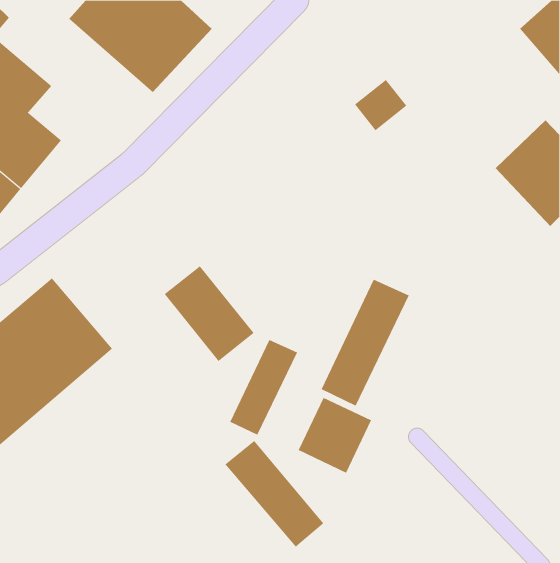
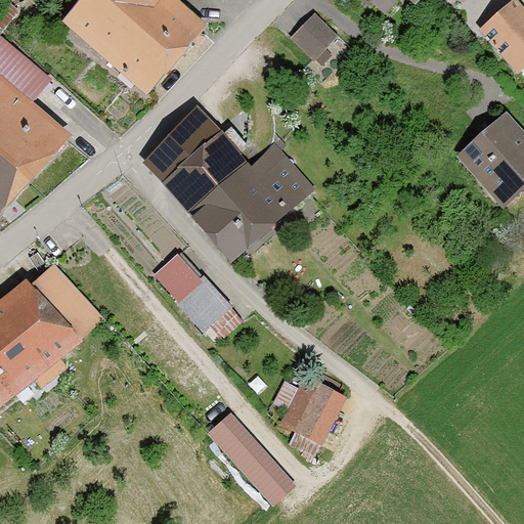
building: [354,79,407,131] -> [292,14,341,62]
building: none -> [146,93,314,261]
building: [321,279,410,406] -> none
building: [230,339,298,436] -> none

